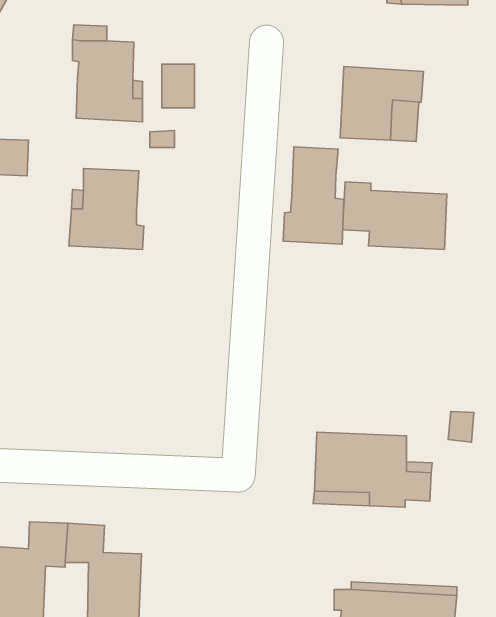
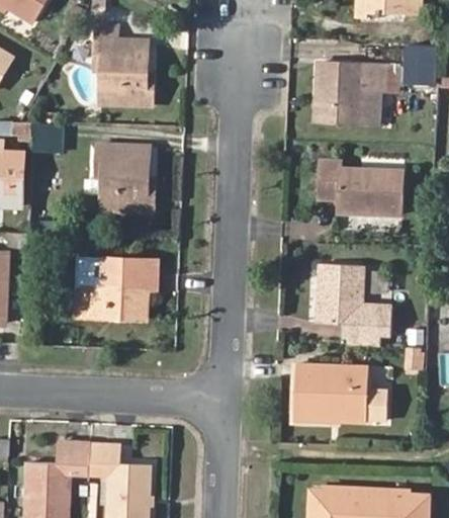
building: none -> [403,42,438,88]
building: [162,64,194,108] -> none
building: [283,147,344,244] -> none
building: none -> [73,257,159,319]
building: none -> [318,259,393,346]

